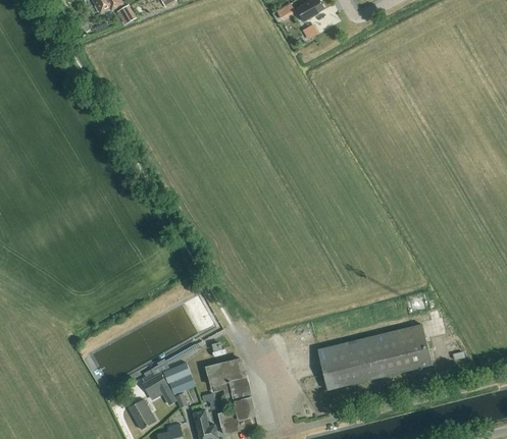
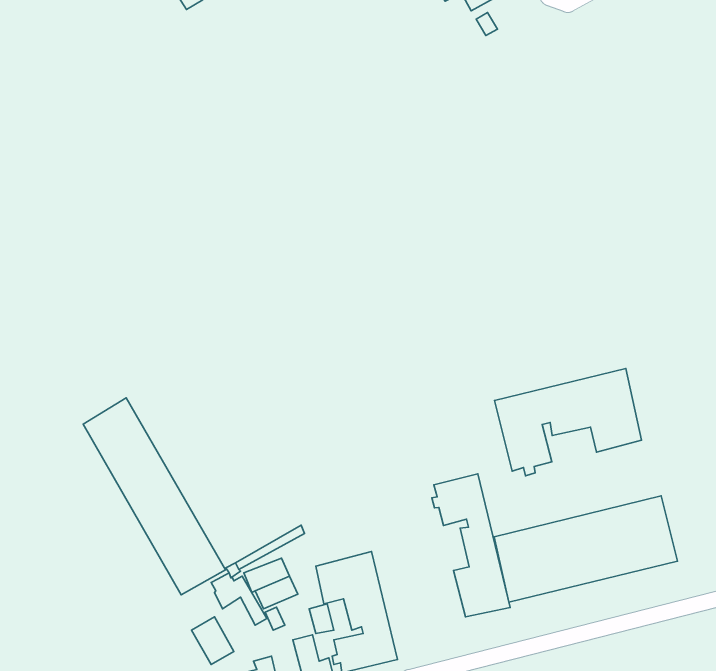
building: none -> [494,368,642,476]
building: none -> [83,398,225,595]
building: none -> [432,474,510,617]

